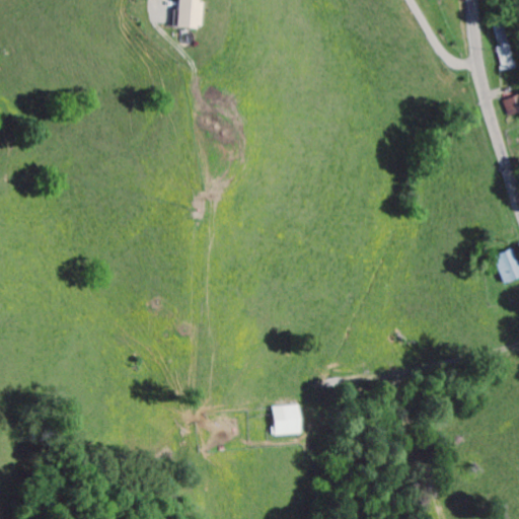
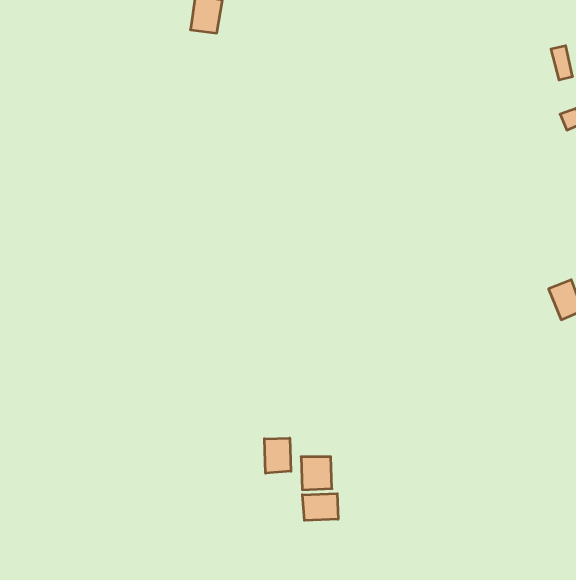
building: none -> [264,438,291,473]
building: none -> [302,494,338,520]

